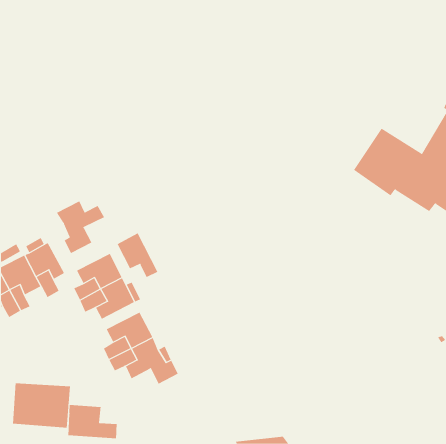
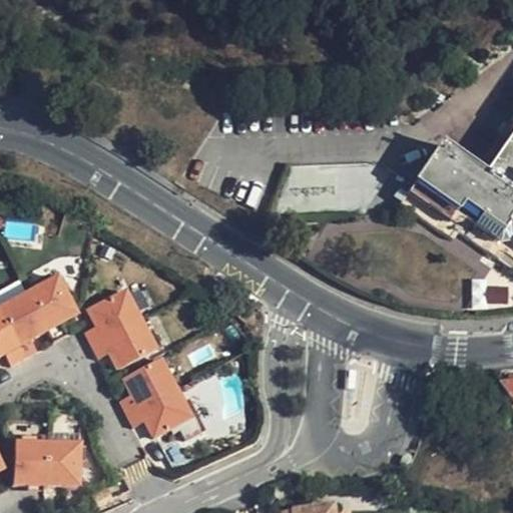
building: [56,200,105,254] -> none
building: [117,233,158,278] -> none
building: [68,404,117,439] -> none

